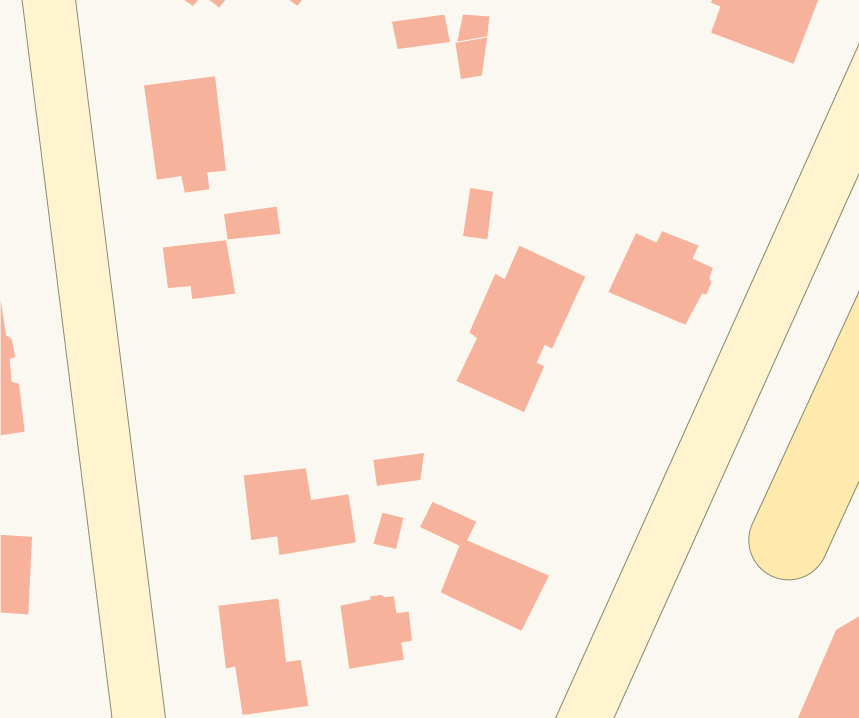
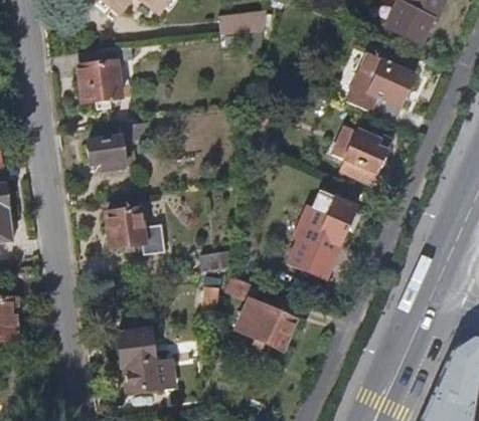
building: none -> [346,50,419,124]
building: [456,245,586,413] -> [288,190,358,280]
building: [243,468,357,556] -> [107,208,168,255]
building: [340,594,412,670] -> none

